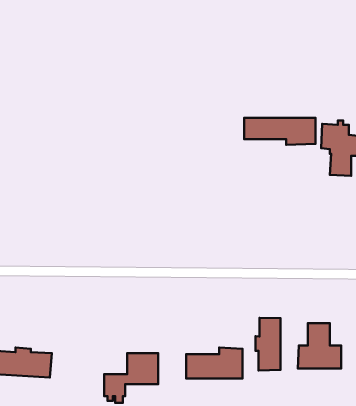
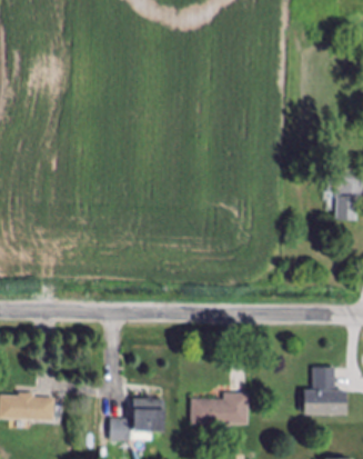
building: [244,118,316,145] -> none
building: [255,318,280,371] -> none

